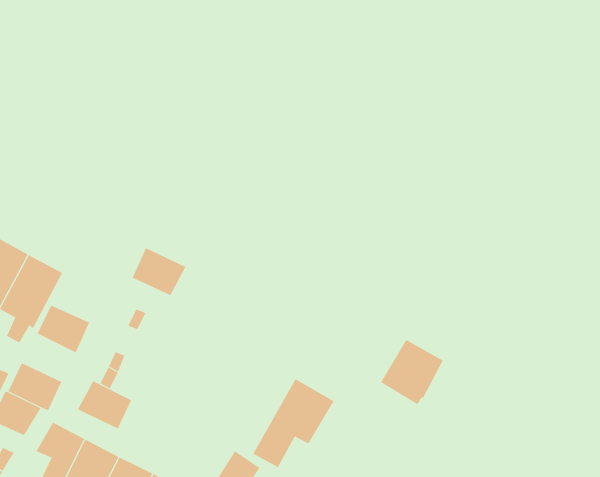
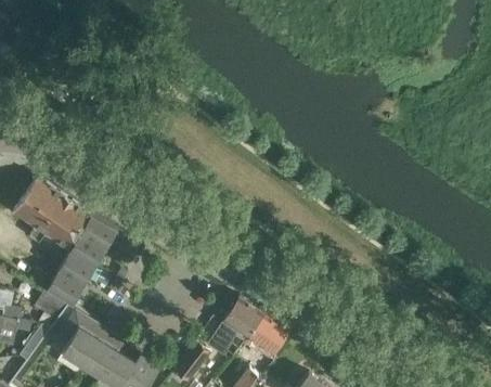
building: [132,247,186,296] -> [80,215,117,248]
building: [380,339,443,405] -> [244,314,287,359]
building: [77,381,132,429] -> [57,253,94,286]

